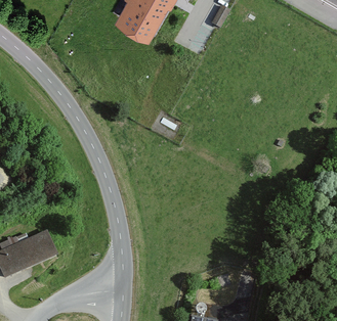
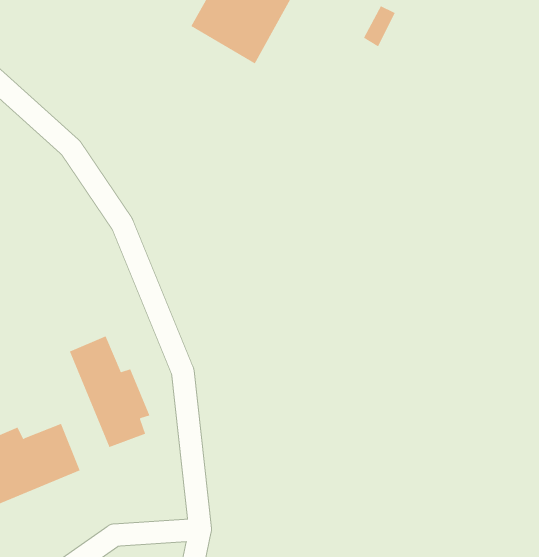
building: none -> [69,335,150,448]

